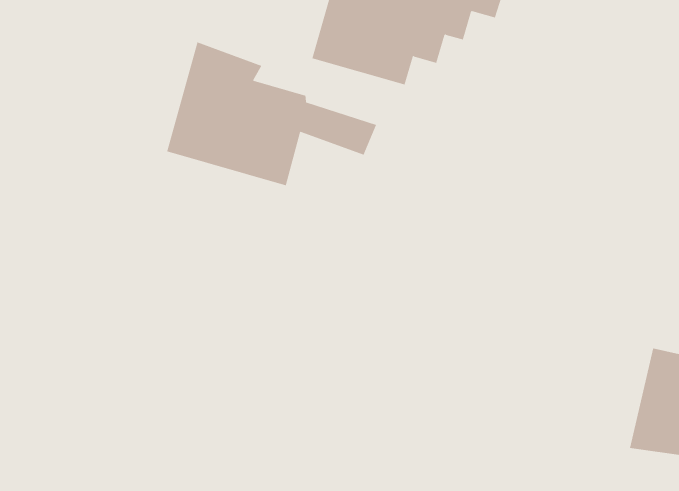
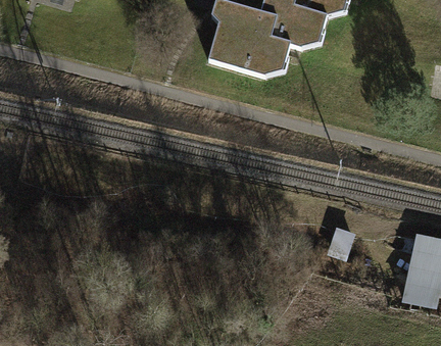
building: [167,42,377,186] -> none

